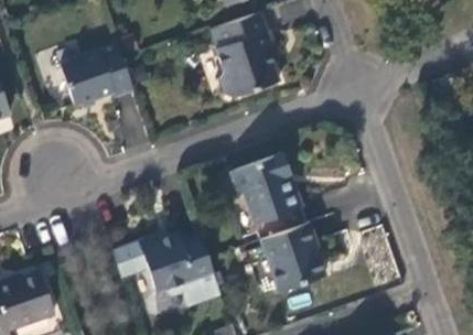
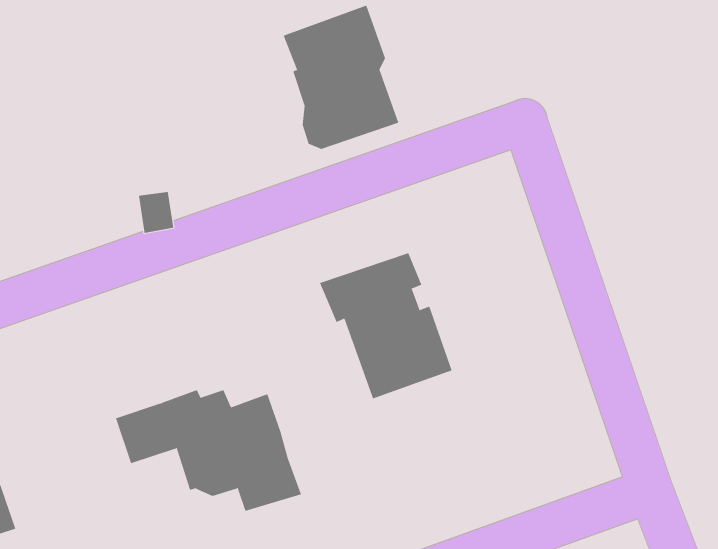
building: [60,44,132,107] -> none
building: [261,221,326,291] -> none

